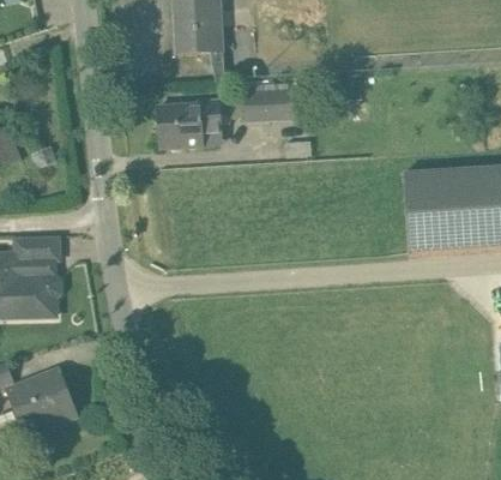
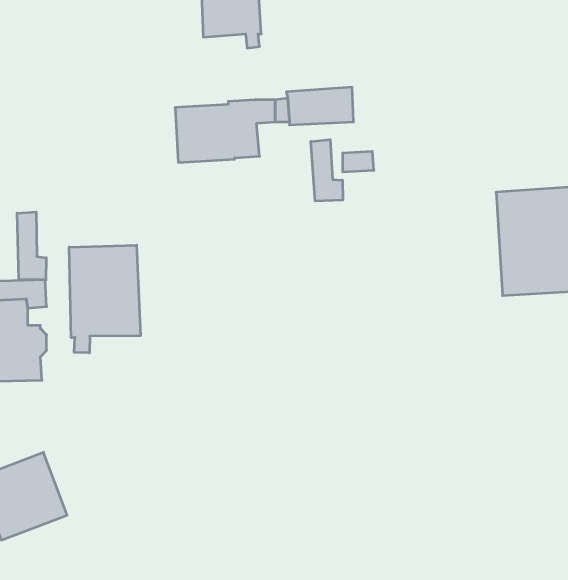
building: none -> [311,140,343,201]
building: none -> [17,212,46,280]
building: none -> [69,245,140,353]

